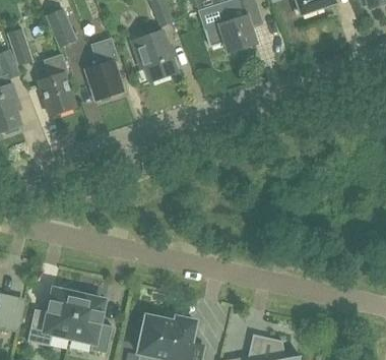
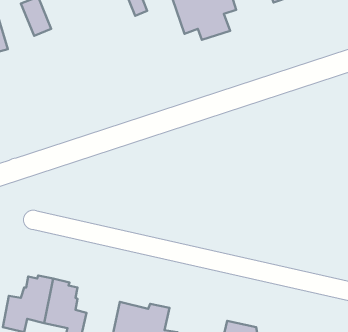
building: [131,28,178,80] -> none
building: [86,44,122,99] -> none
building: [39,53,74,114] -> none

